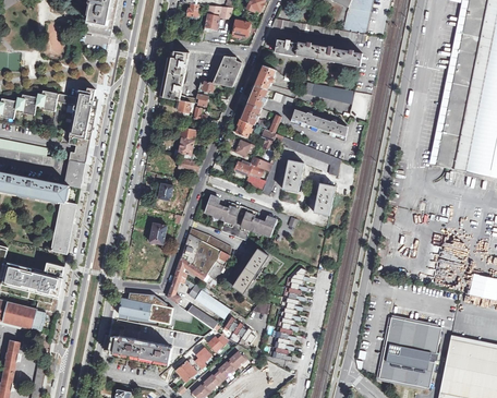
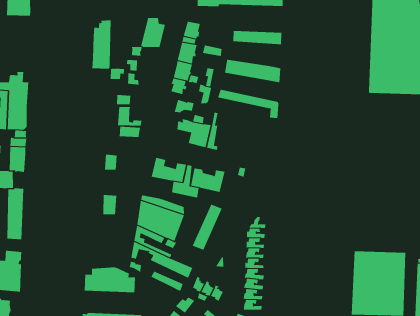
building: [282,160,305,192] -> none
building: [313,183,335,215] -> none

